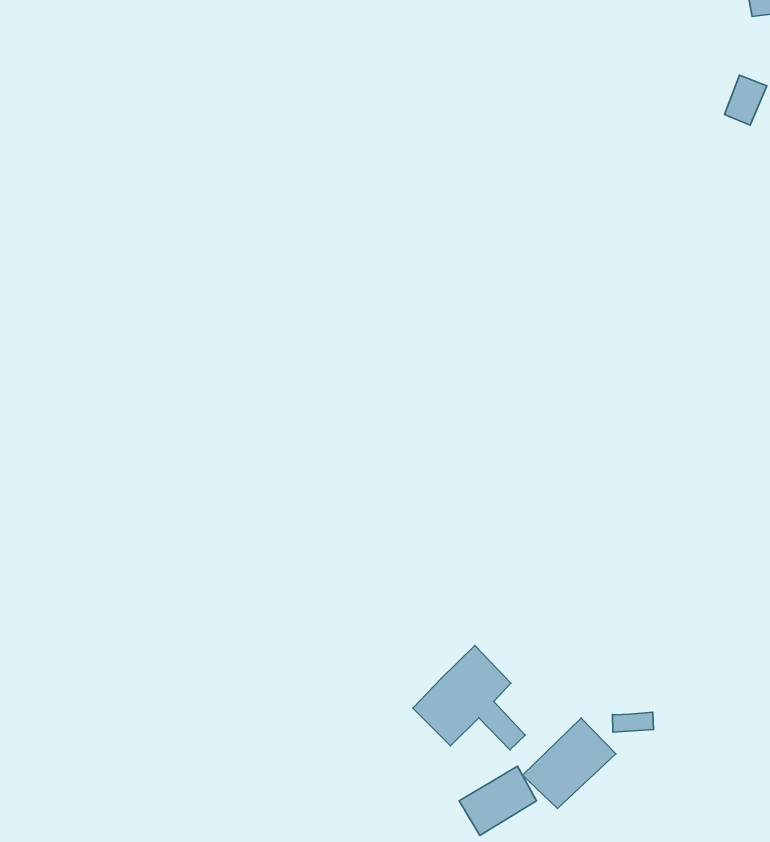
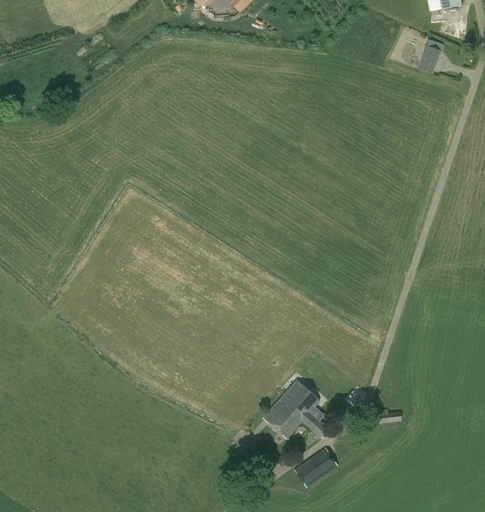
building: [523,718,616,809] -> none

